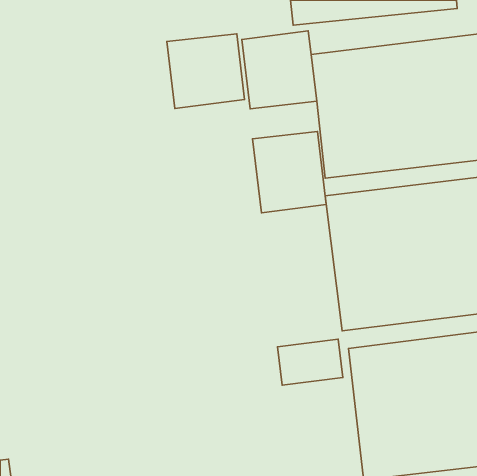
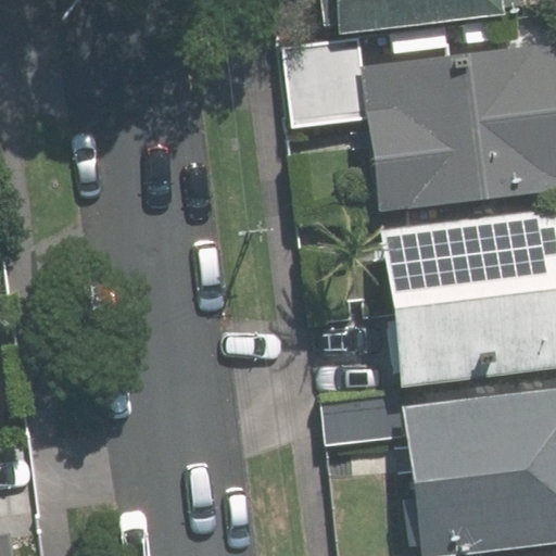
building: [167,34,244,108] -> none
building: [253,132,326,213] -> none

